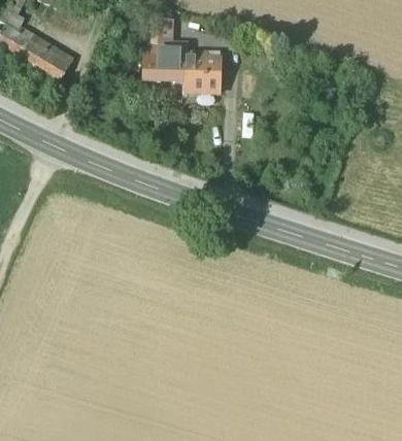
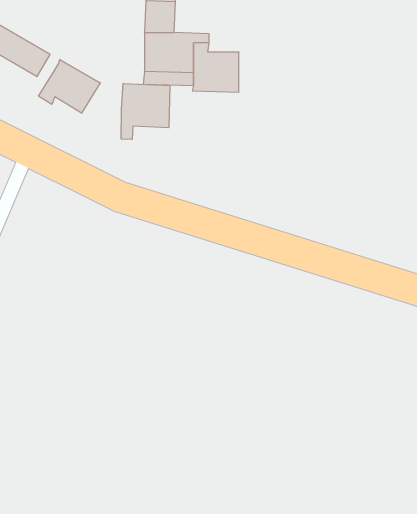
building: none -> [39,59,100,113]
building: none -> [121,83,170,139]

